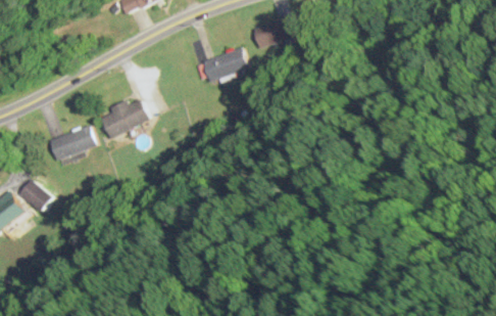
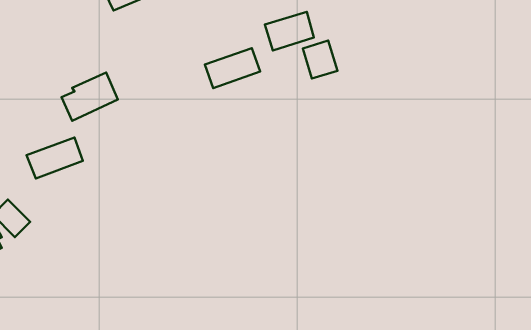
building: none -> [303,41,337,79]
building: [99,97,148,139] -> [61,73,118,121]

